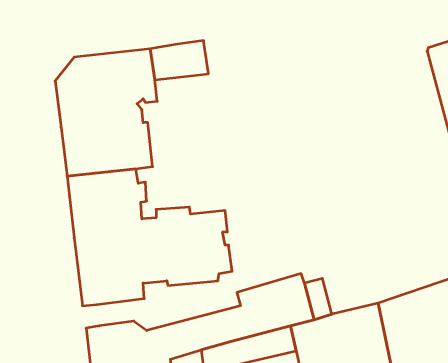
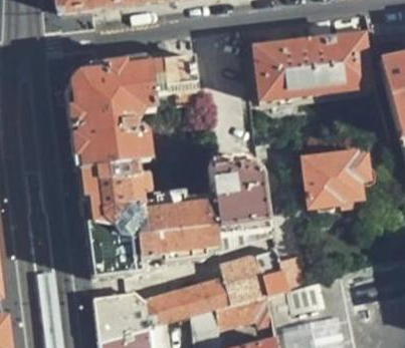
building: none -> [255,31,370,99]
building: none -> [305,151,365,203]
building: none -> [208,160,270,249]

